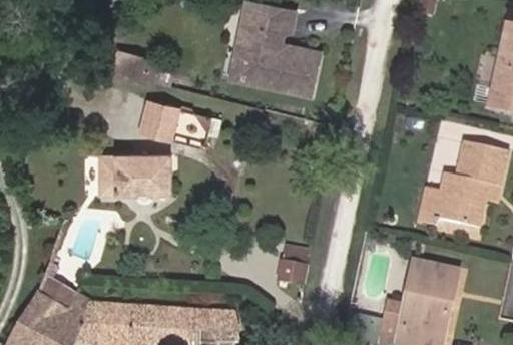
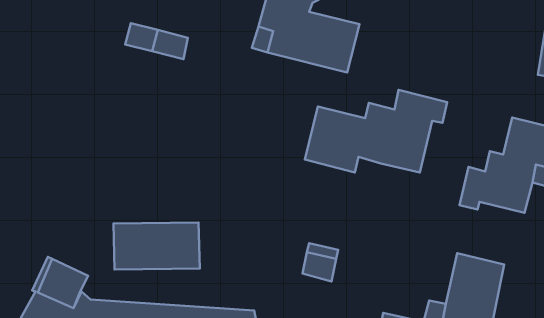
building: [139,101,181,139] -> none
building: none -> [305,90,447,172]
building: [97,150,174,193] -> [113,222,200,270]

